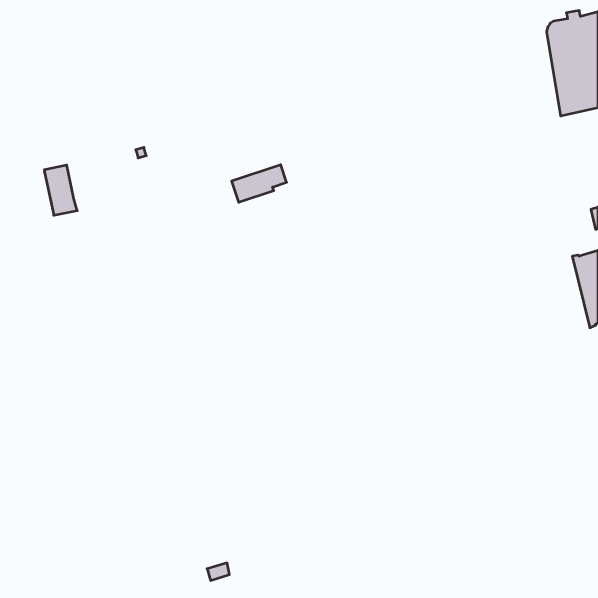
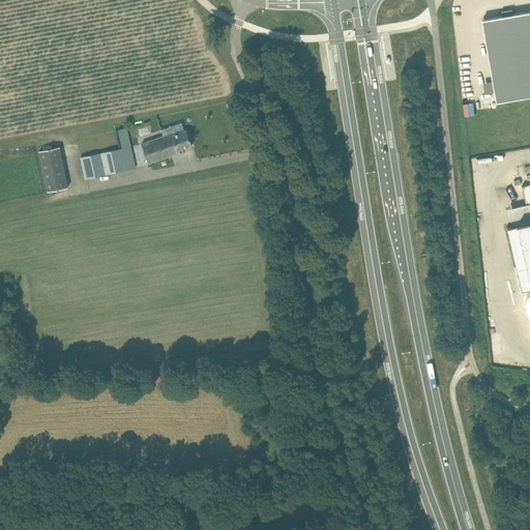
building: [232,165,287,202] -> [143,129,192,163]
building: none -> [80,146,136,180]

